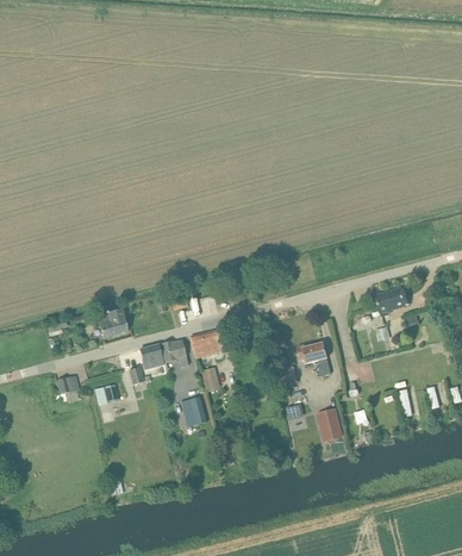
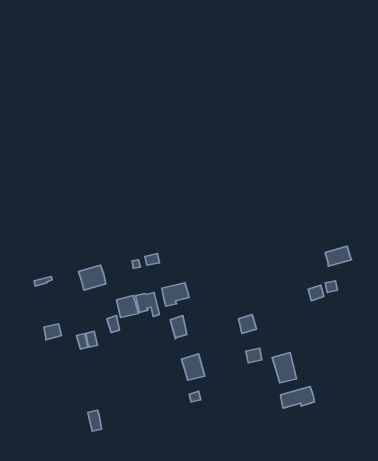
building: [298,343,331,379] -> none
building: [180,396,206,426] -> [182,354,205,380]
building: none -> [280,386,314,408]

